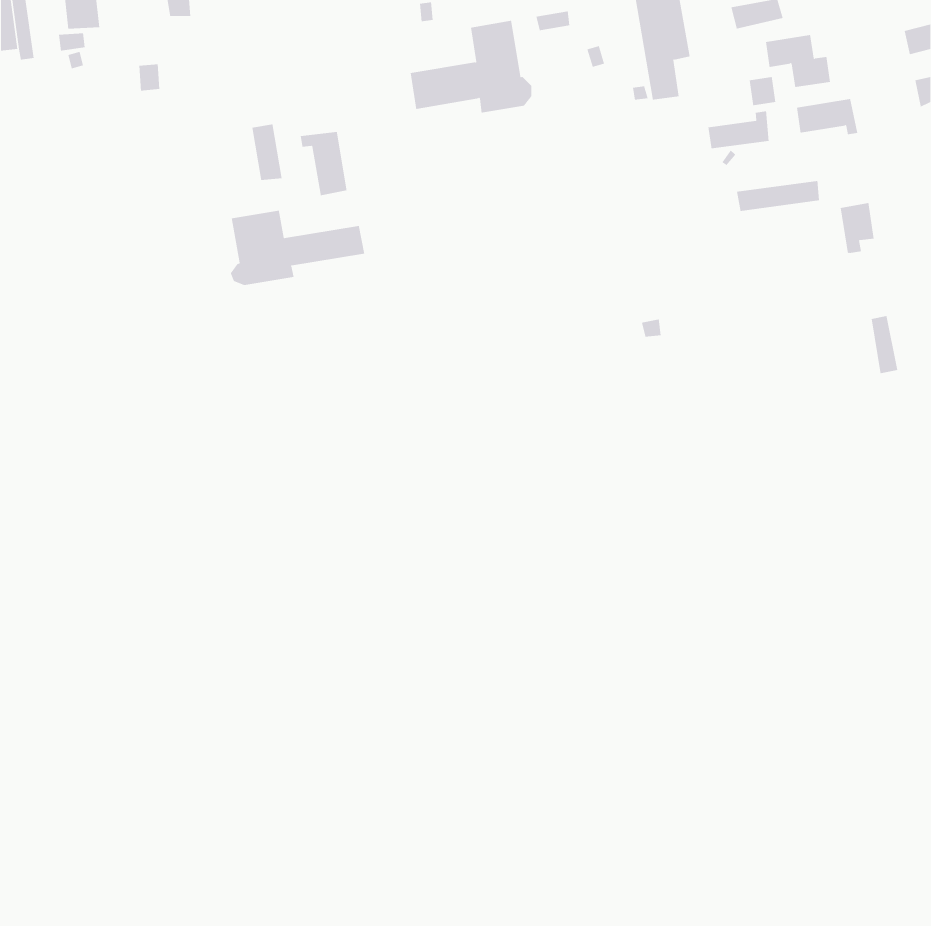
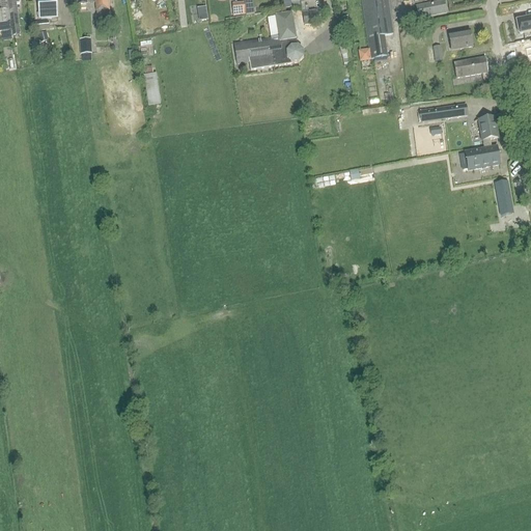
building: [708,111,769,149] -> none
building: [300,131,347,196] -> none
building: [230,210,365,286] -> none
building: none -> [465,143,500,168]

